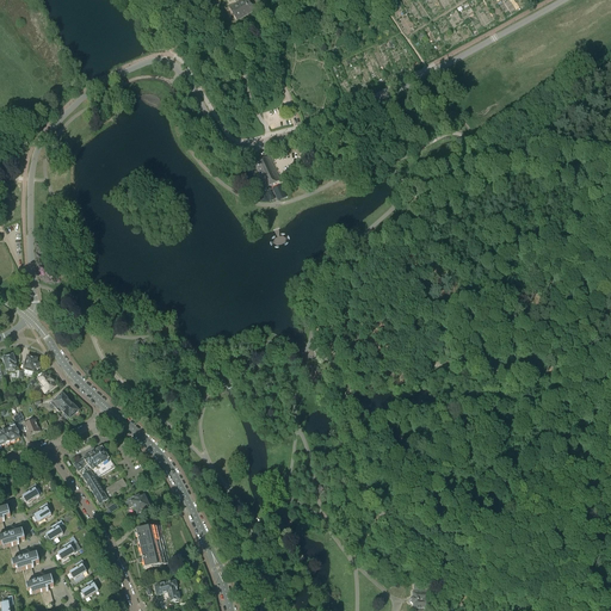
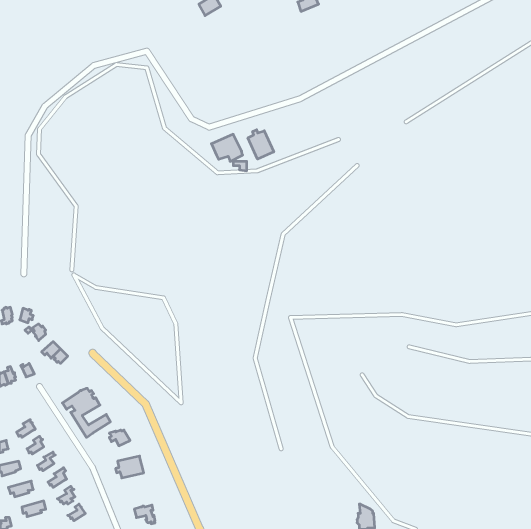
building: none -> [248,130,274,159]
building: [137,542,169,567] -> none

